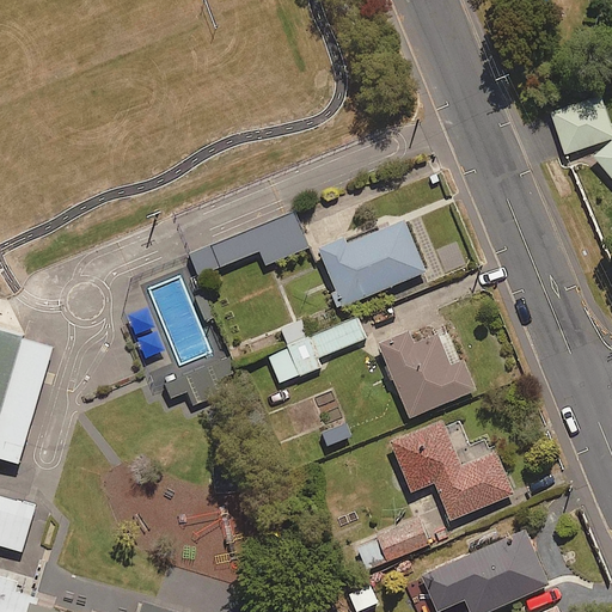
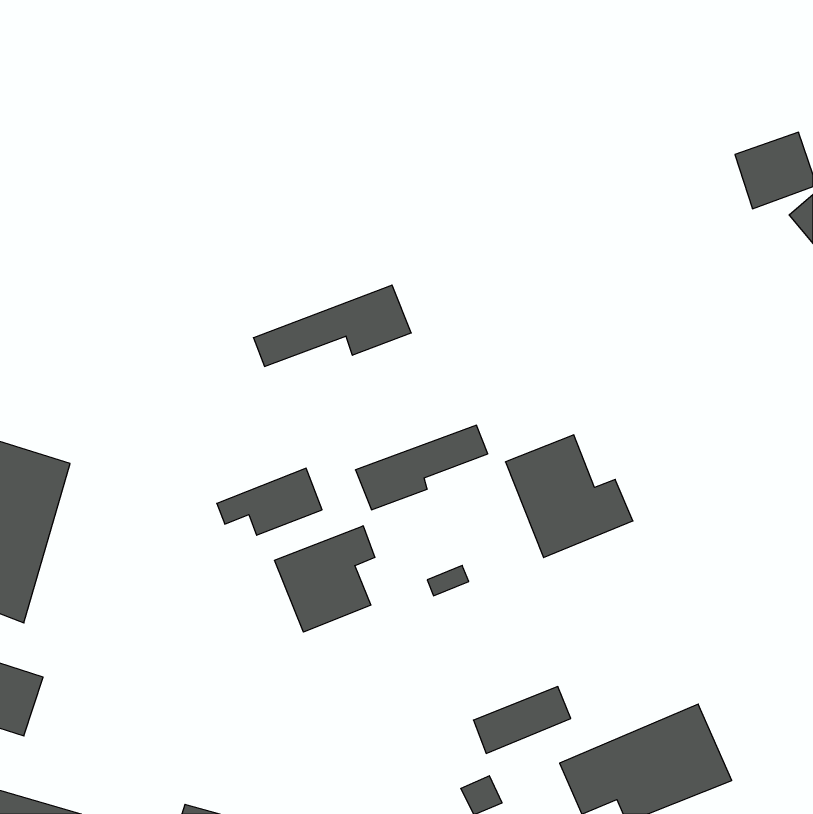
building: [319,219,426,307] -> none
building: none -> [274,526,375,632]
building: [390,418,513,520] -> none

